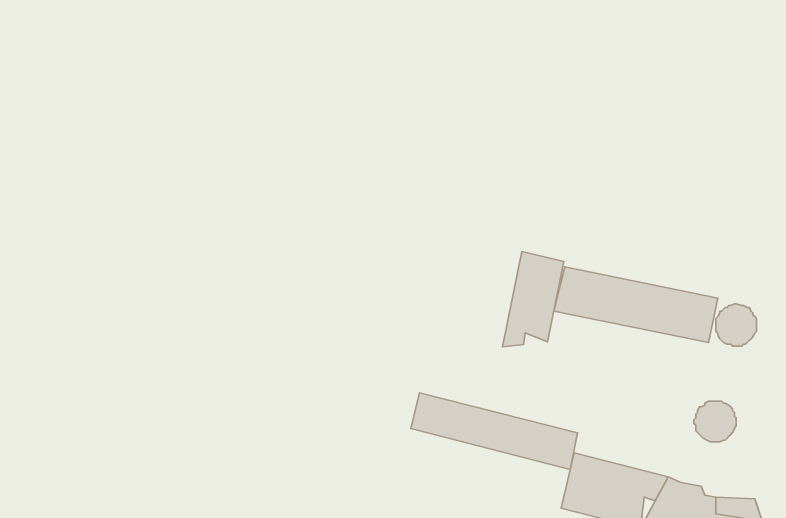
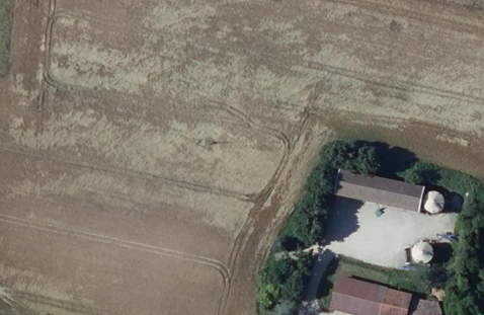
building: [502,252,564,347] -> none
building: [411,393,577,469] -> none

